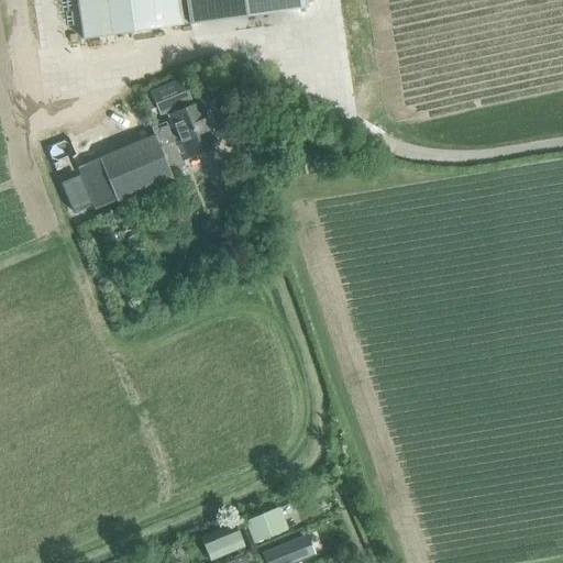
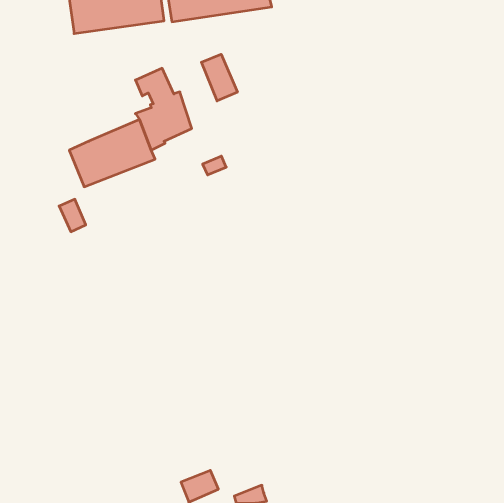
building: none -> [201,54,237,101]
building: [60,174,90,210] -> [59,199,86,232]
building: [247,507,288,540] -> none

